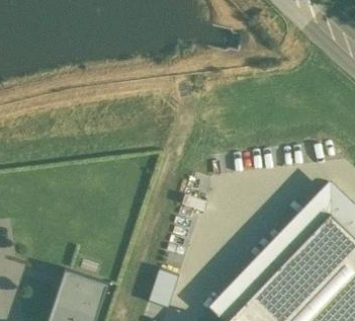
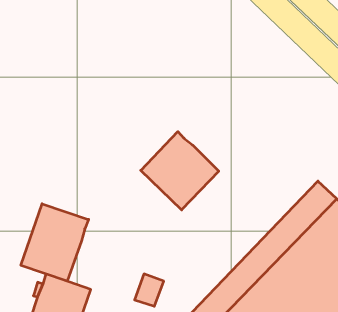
building: none -> [141,132,219,210]
building: none -> [21,204,89,281]

